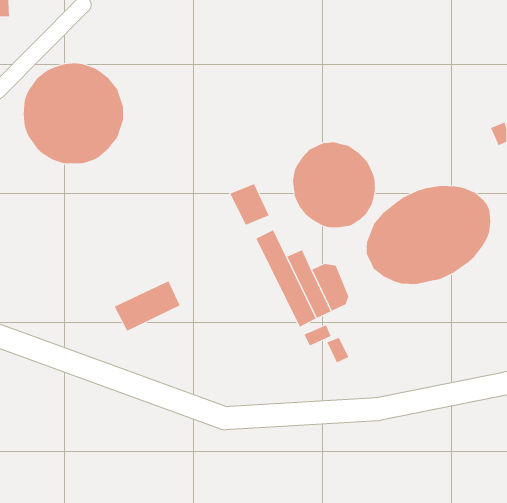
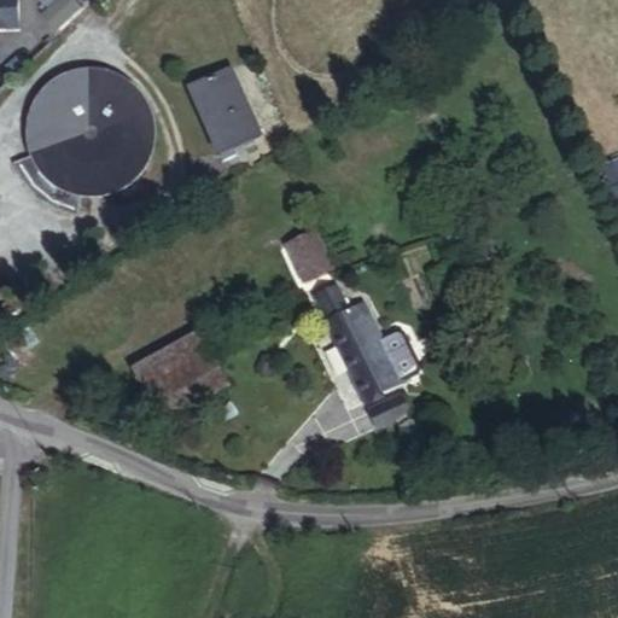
building: none -> [187,63,256,145]
building: [292,142,375,228] -> none
building: [366,185,491,285] -> none

